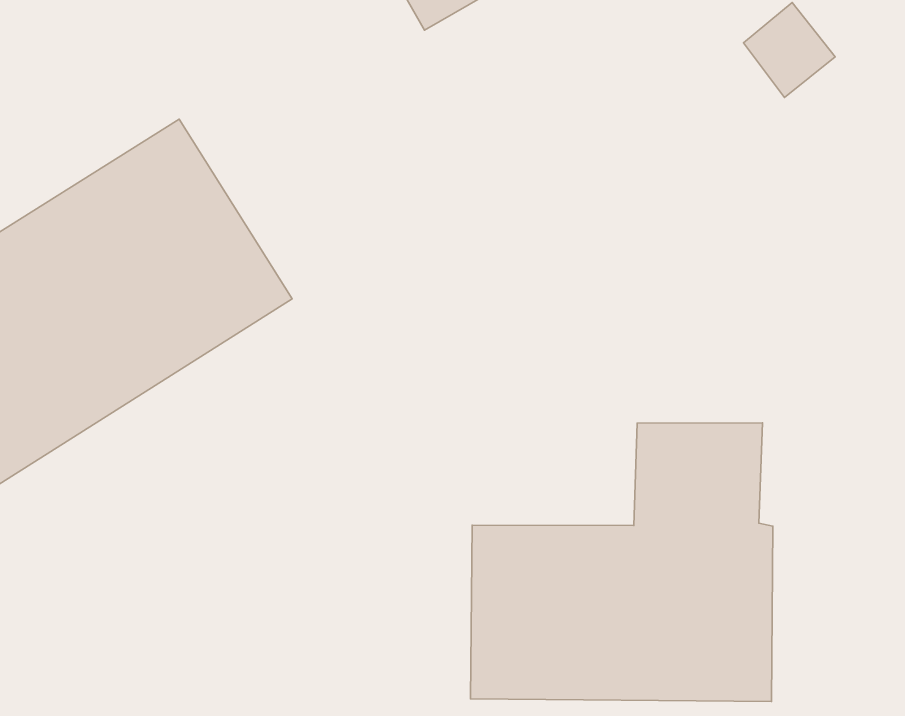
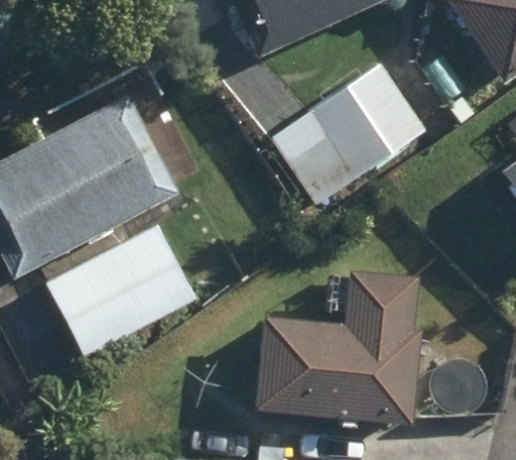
building: none -> [273,66,424,202]
building: none -> [45,226,232,358]

